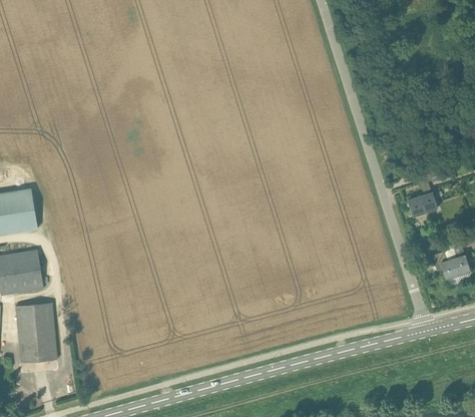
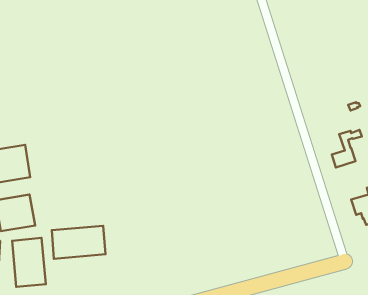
building: none -> [52,226,106,259]

